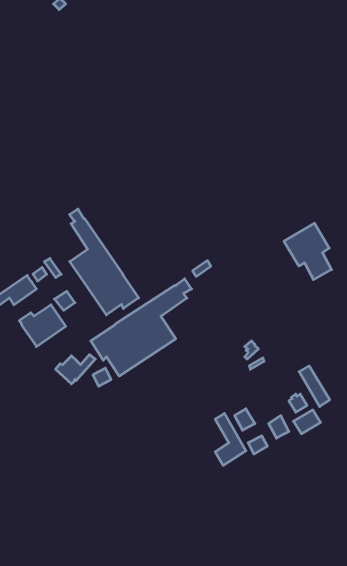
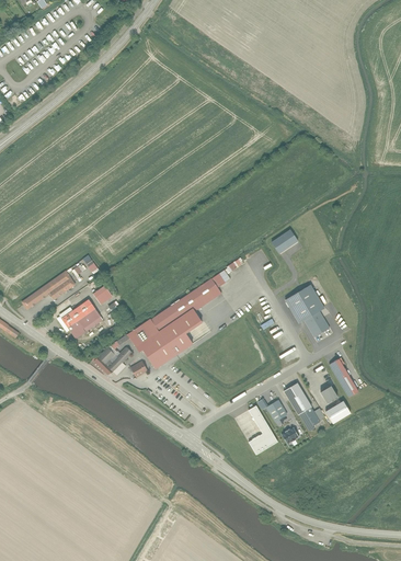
building: [70,209,139,315] -> none
building: [284,223,332,280] -> [284,282,330,336]
building: none -> [283,383,311,415]

